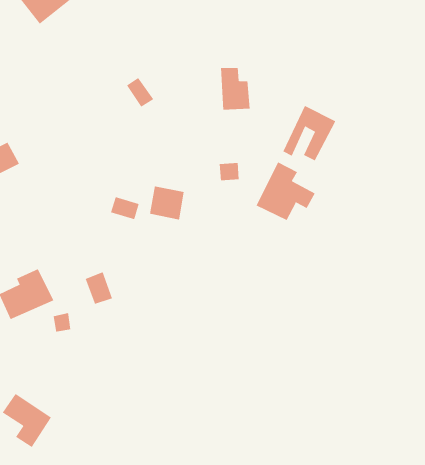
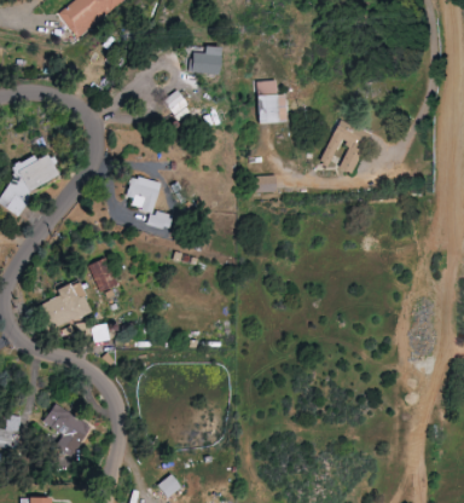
building: none -> [187,45,221,75]
building: [256,162,315,221] -> none
building: [149,186,185,220] -> [124,175,160,209]
building: [85,272,113,304] -> [88,256,116,289]

